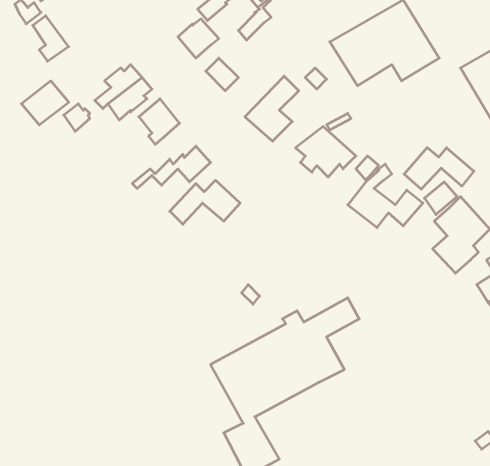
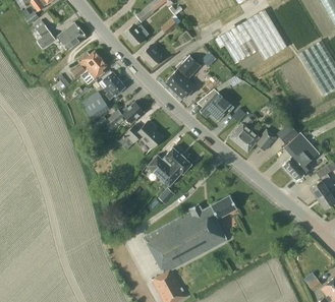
building: [21,81,69,125] -> [57,22,87,50]
building: none -> [82,92,110,119]
building: [404,148,474,189] -> none
building: none -> [148,146,192,185]

